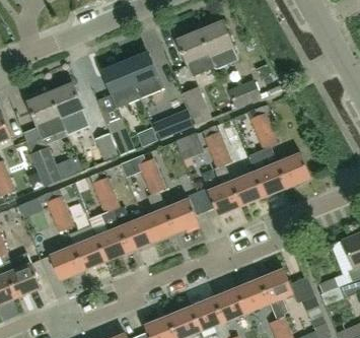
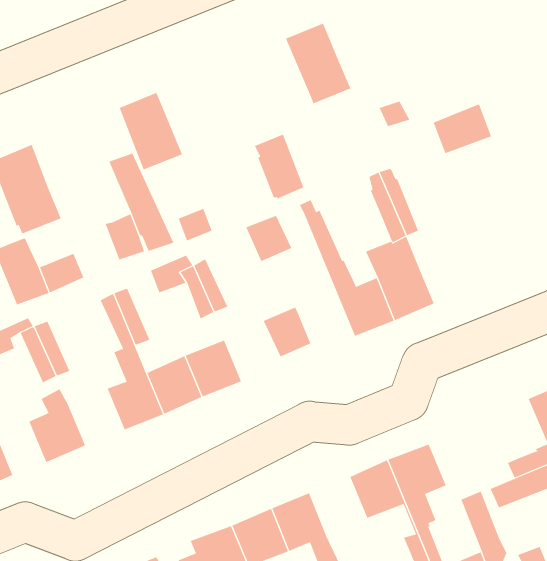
building: [176,29,215,75] -> none
building: [125,52,162,97] -> none
building: [227,78,262,108] -> [433,103,492,154]
building: [52,83,89,132] -> none
building: [152,112,194,141] -> none
building: [203,133,240,213] -> none
building: [277,150,310,185] -> none
building: [164,197,199,230] -> none
building: [73,234,105,268] -> none
building: [214,286,247,321] -> none

